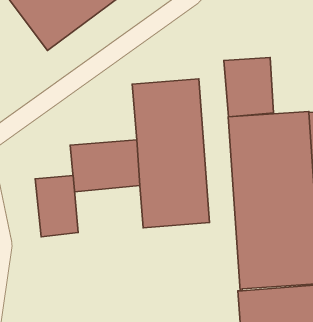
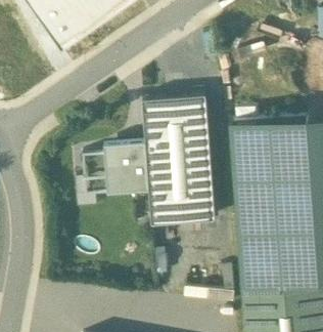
building: [224,57,274,117] -> none
building: [35,175,78,237] -> none

